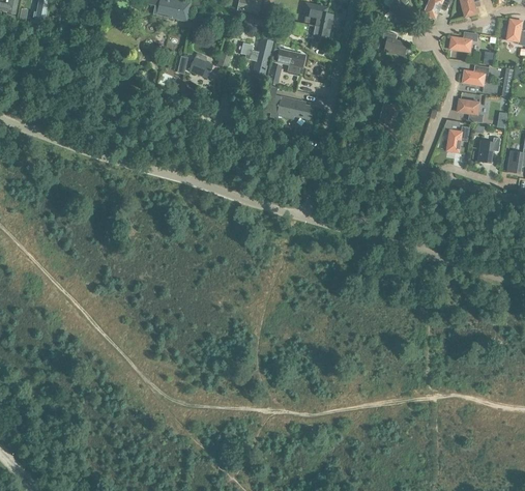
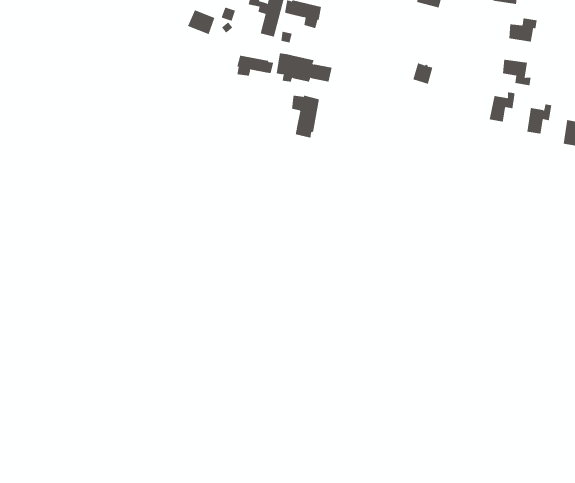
building: none -> [237,55,274,76]
building: none -> [291,94,319,139]

